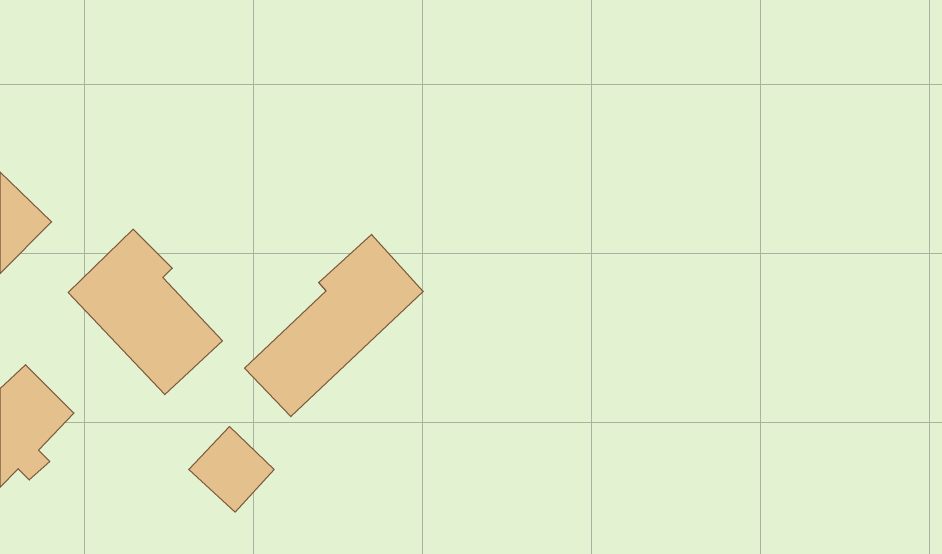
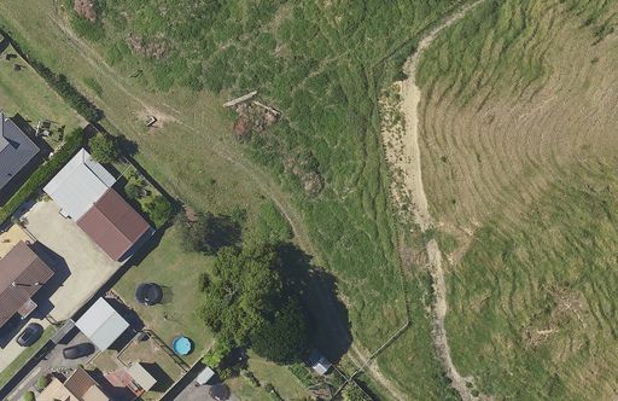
building: [245,234,423,417] -> none
building: [189,427,274,512] -> [72,296,128,351]

